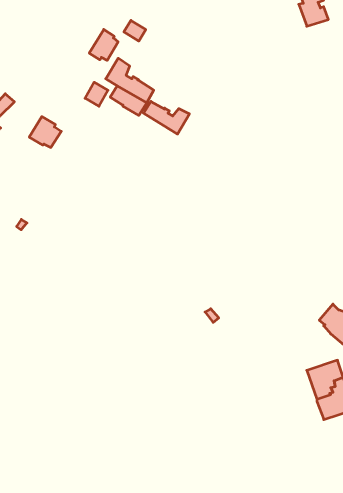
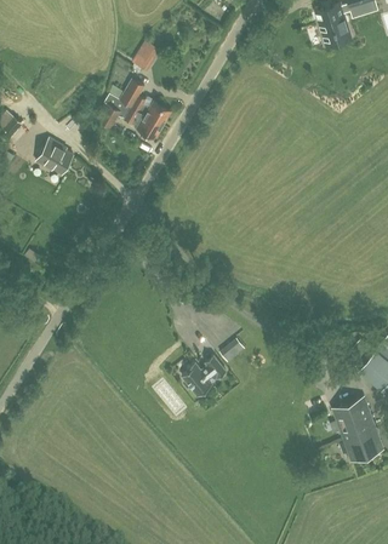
building: [89,29,118,60] -> none
building: [143,101,189,134] -> none
building: none -> [182,355,226,395]

